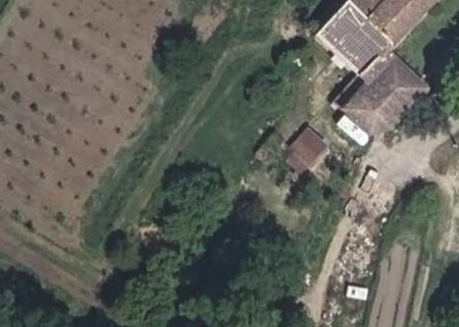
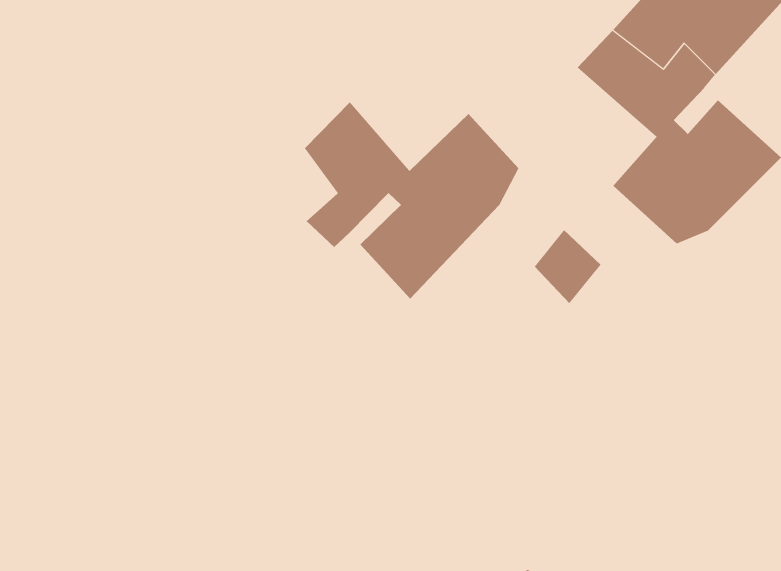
building: none -> [304,102,519,300]

